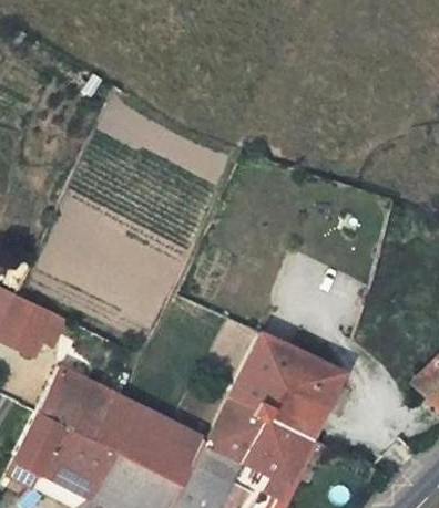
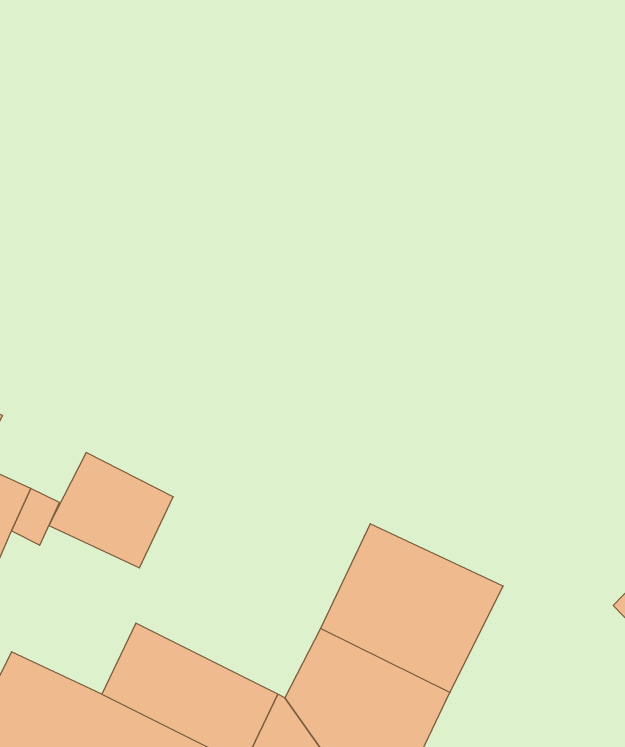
building: [39,365,116,437] -> [49,453,173,568]

